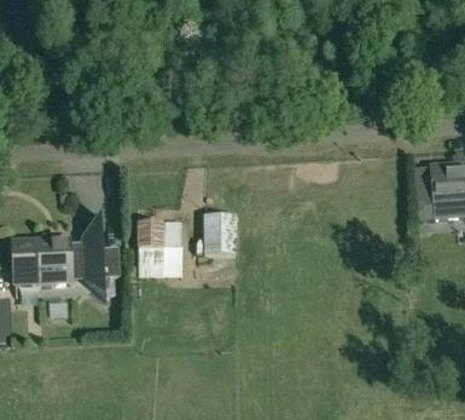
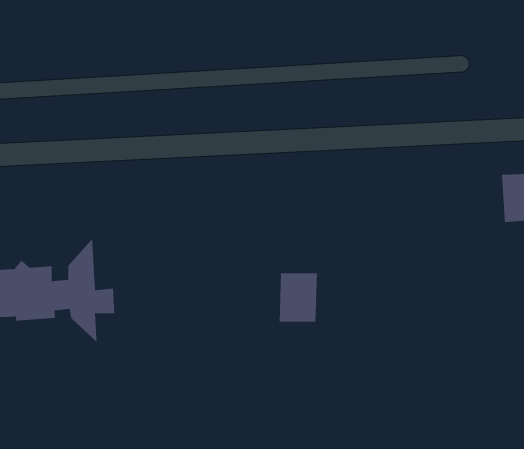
building: [204,217,236,257] -> [279,273,318,322]
building: [139,224,168,267] -> none

